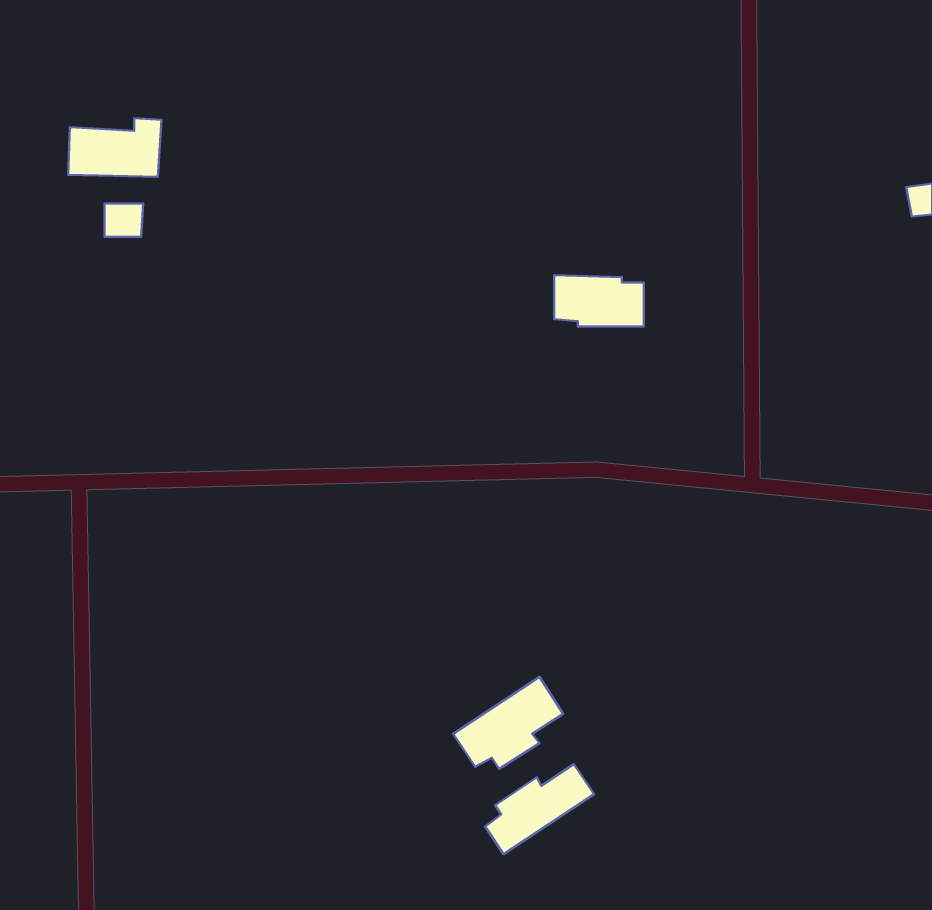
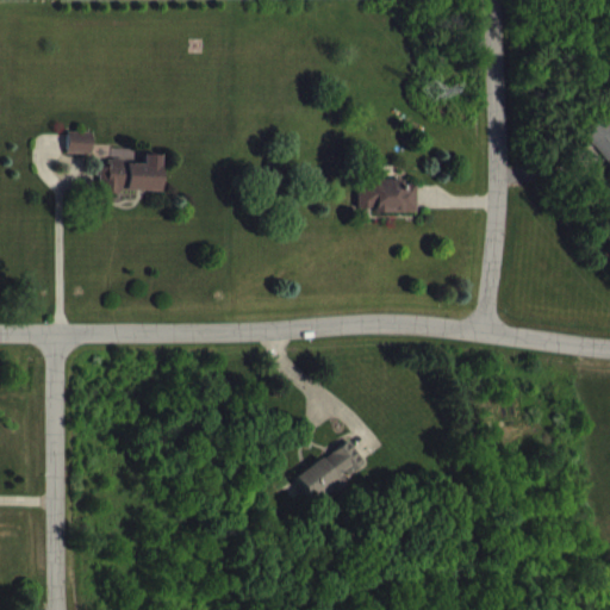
building: [68,118,162,177] -> [101,154,162,192]
building: [485,764,594,854] -> none

